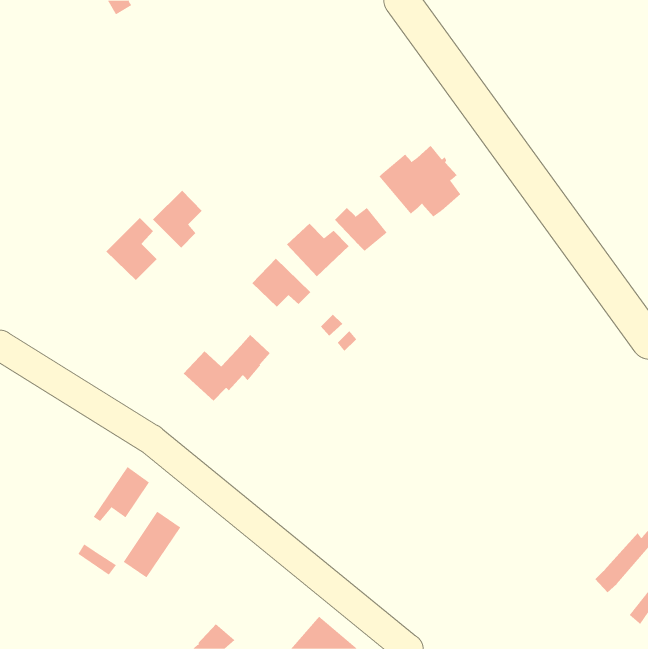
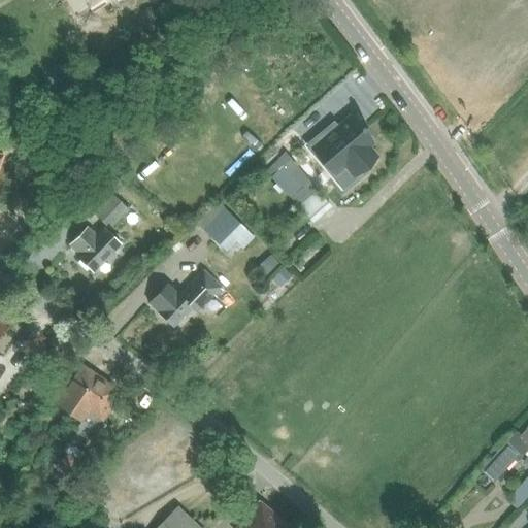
building: [152,190,202,249] -> none
building: [286,223,349,277] -> none
building: none -> [72,228,123,271]
building: [123,511,181,578] -> [57,365,104,420]

